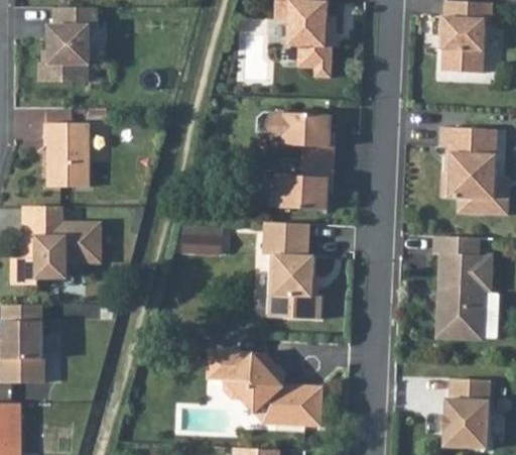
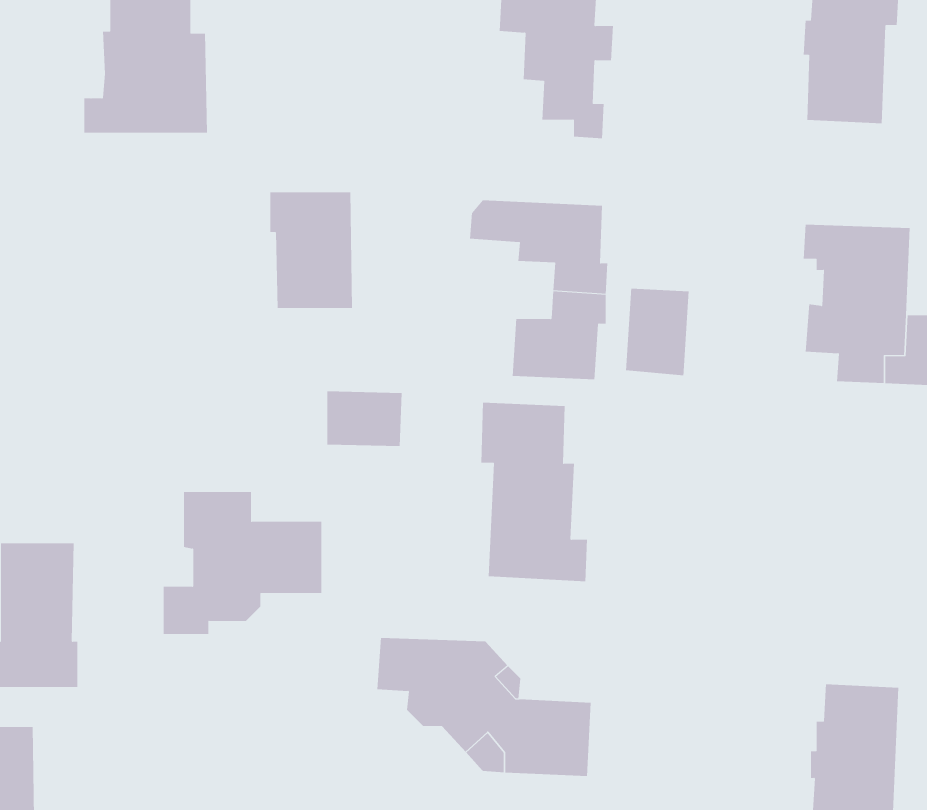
building: [43,120,89,184] -> [269,192,353,309]
building: none -> [626,288,689,376]
building: [13,204,100,281] -> [163,492,322,634]
building: [434,236,491,339] -> none

